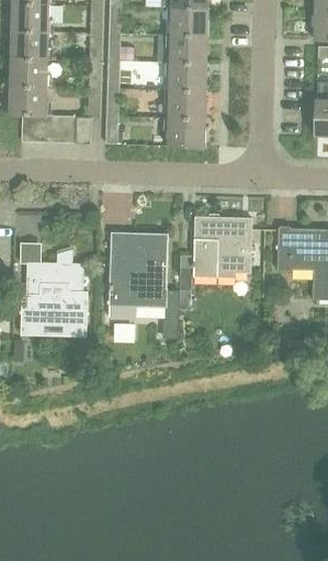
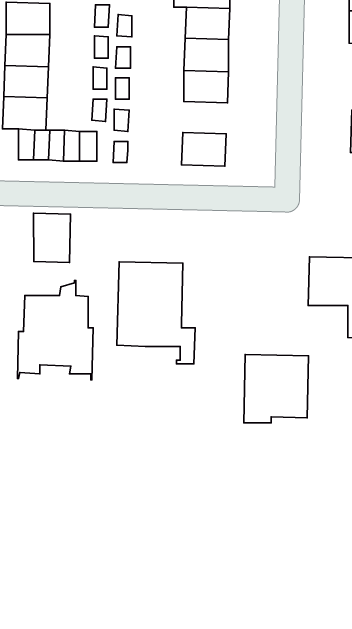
building: [166,91,205,119] -> none
building: none -> [34,213,71,262]
building: [193,217,250,277] -> [244,355,308,423]

